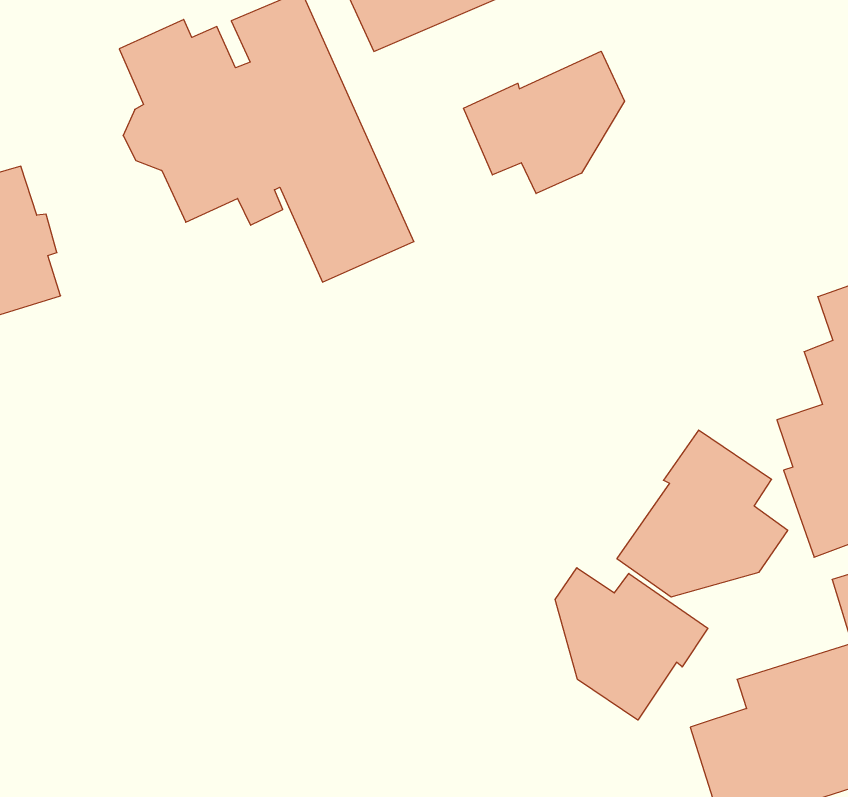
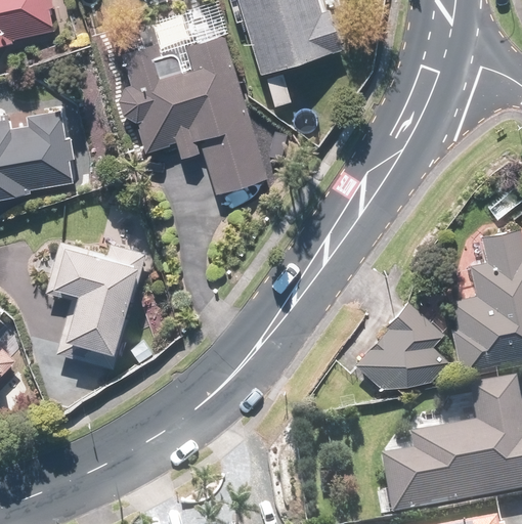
building: [463,51,624,194] -> none
building: none -> [44,239,145,368]
building: [555,568,708,720] -> none

